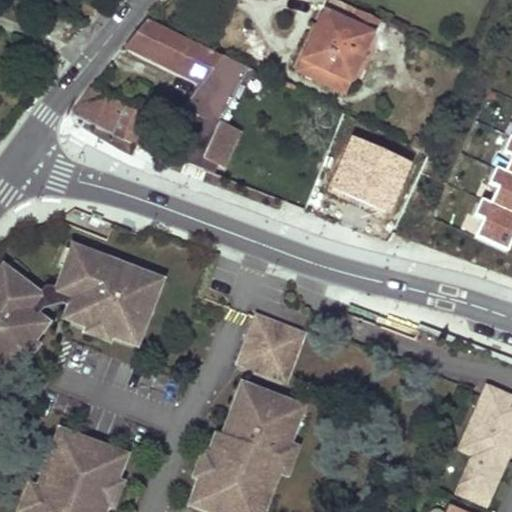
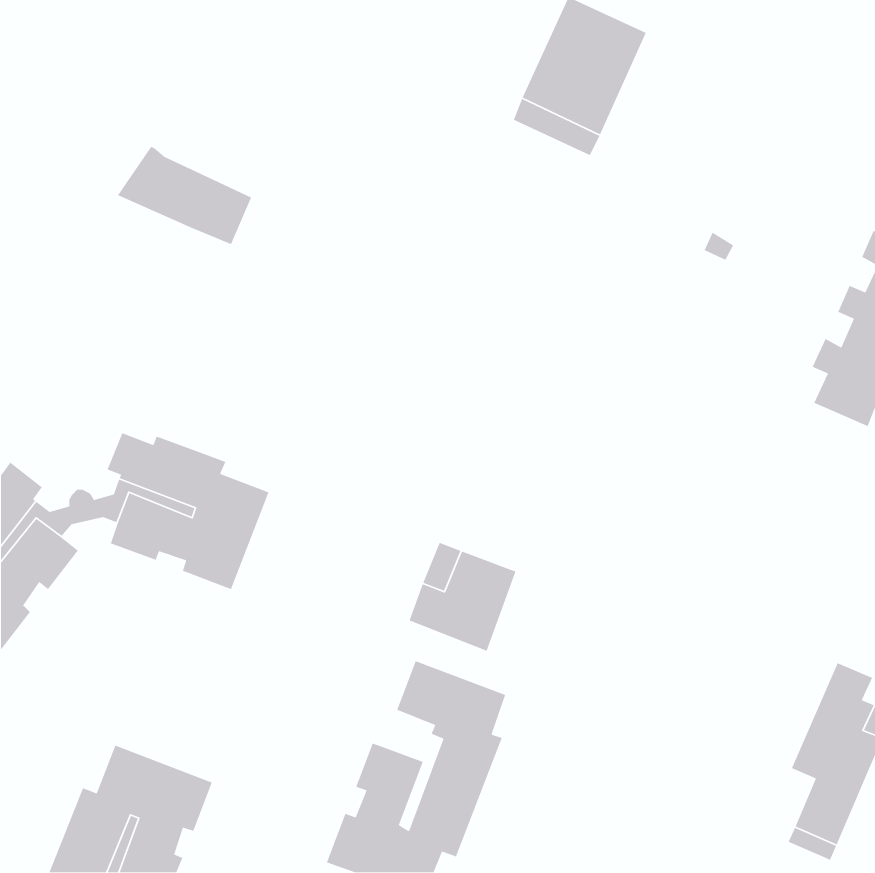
building: [127,17,245,168] -> none
building: [329,136,410,214] -> none
building: [224,414,259,484] -> none

